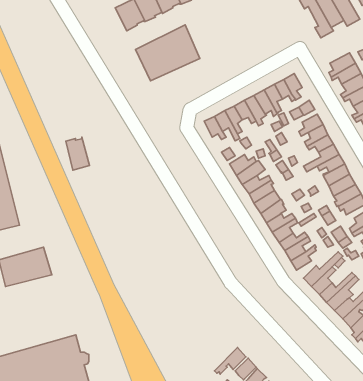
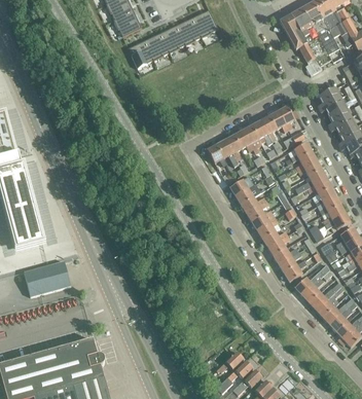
building: [136,25,200,81] -> none
building: [66,137,90,170] -> none

